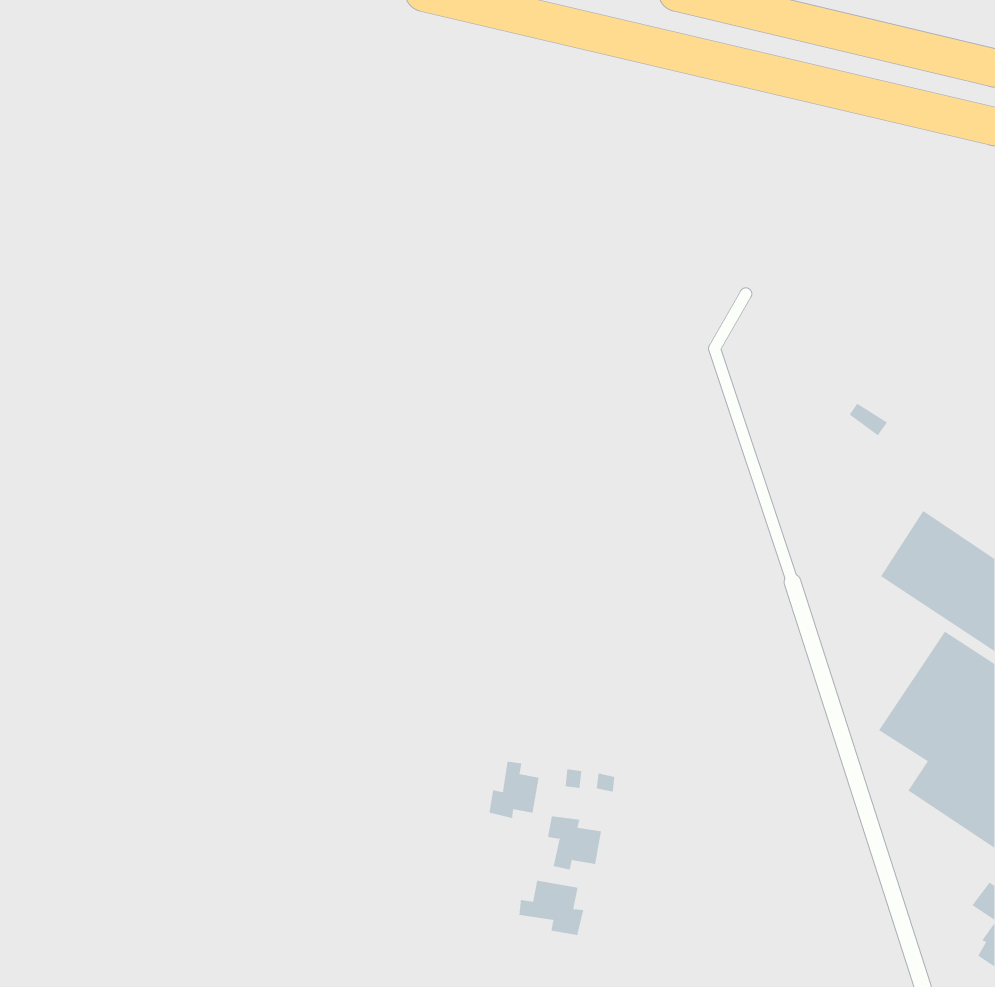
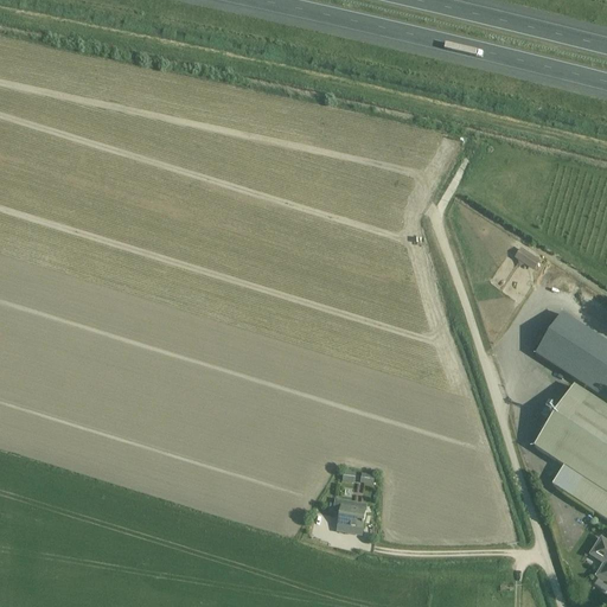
building: [489,761,539,819] -> none
building: [519,880,584,936] -> none

